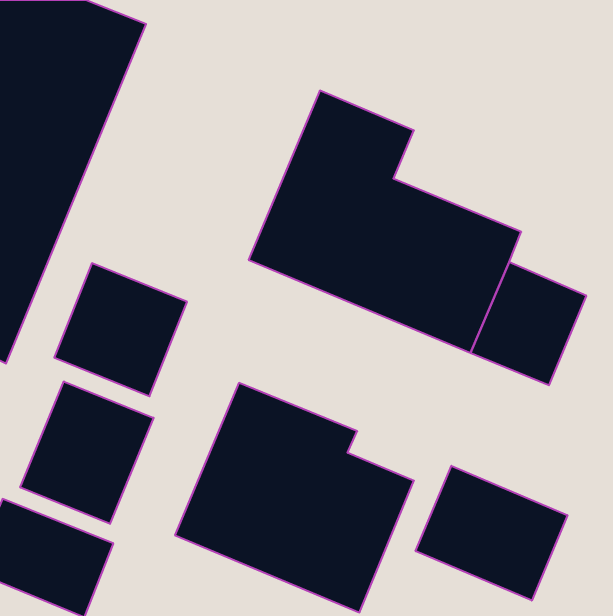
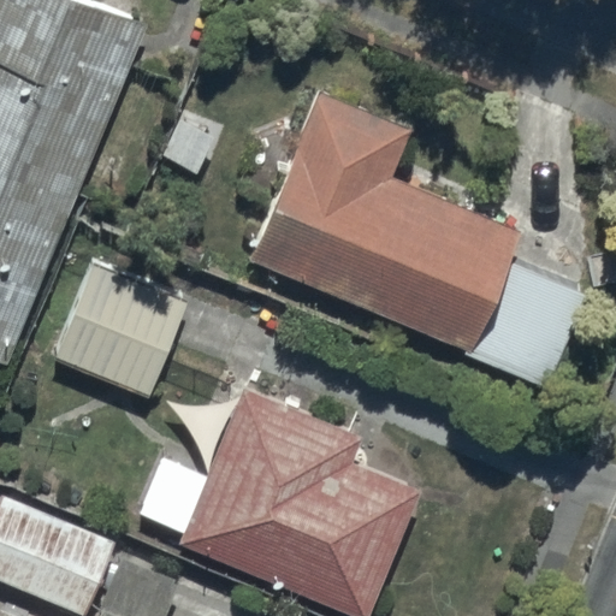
building: [20,381,154,524] -> none
building: [416,466,567,601] -> none

